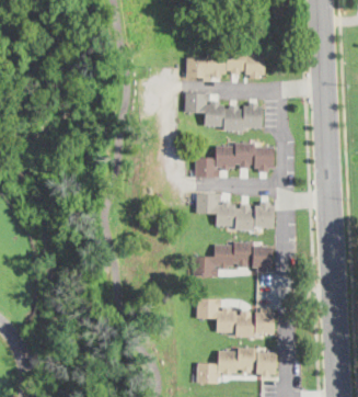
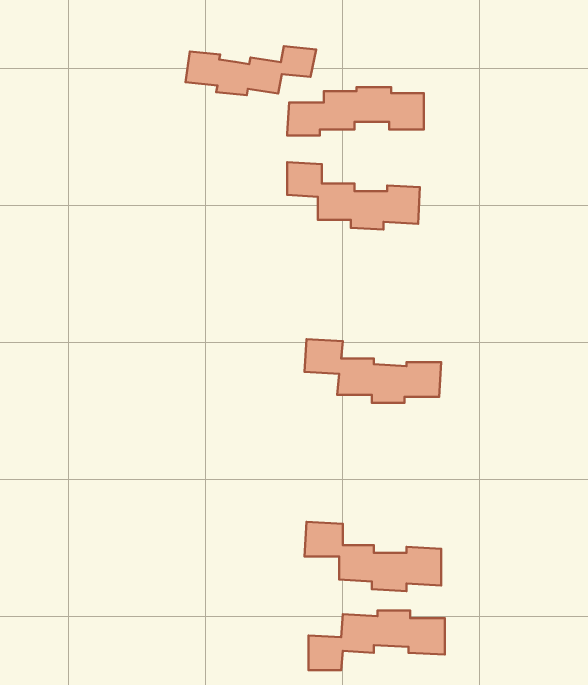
building: none -> [185,46,316,95]
building: [195,144,274,178] -> none
building: [194,243,272,276] -> none

